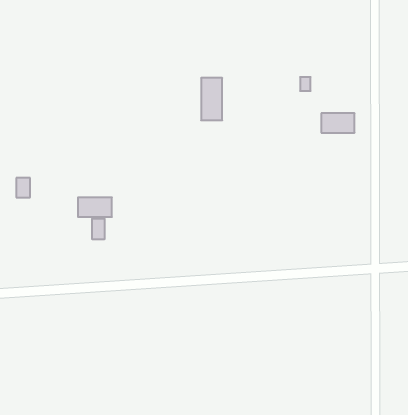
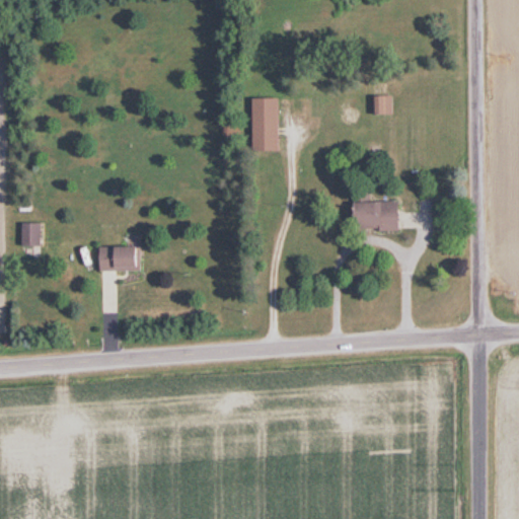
building: [321,113,355,133] -> [359,201,400,225]
building: [92,218,104,239] -> none

